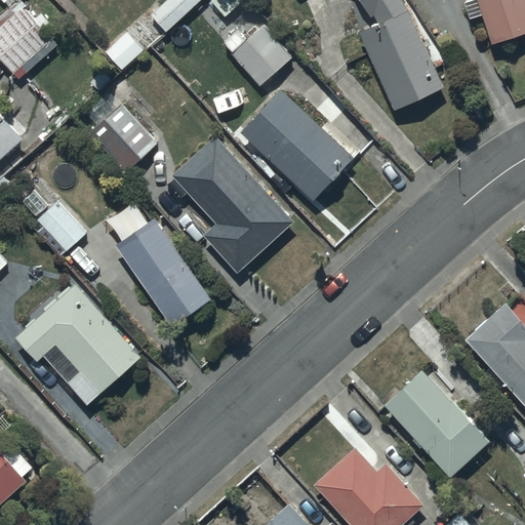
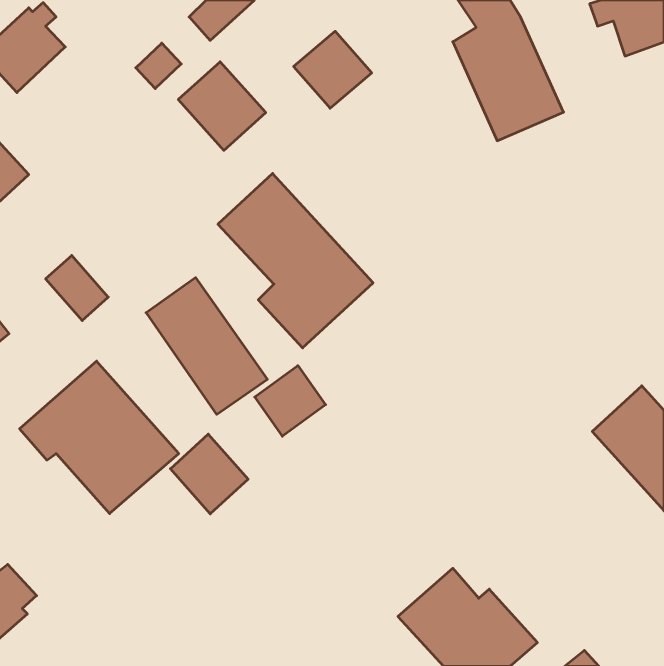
building: [239,89,353,201] -> none
building: [88,104,157,173] -> [178,62,266,150]
building: none -> [255,366,326,436]
building: none -> [170,434,248,514]
building: [383,371,489,478] -> none

